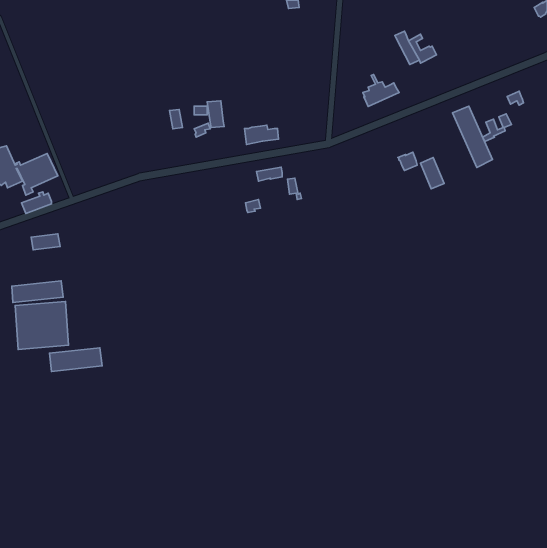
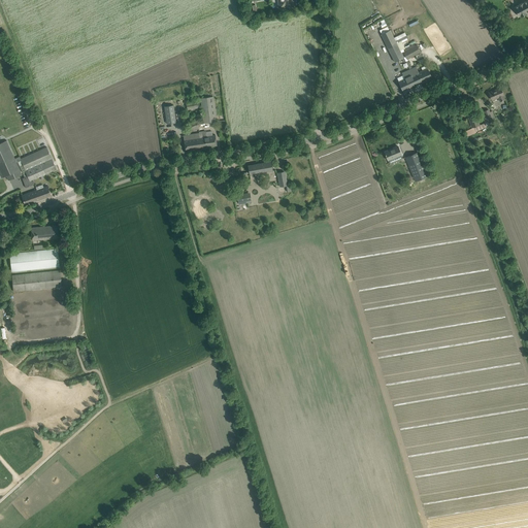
building: [363,74,399,107] -> [396,60,431,91]
building: [453,106,492,167] -> none
building: [244,125,279,144] -> [183,132,216,151]
building: [50,348,102,371] -> [8,249,59,271]

